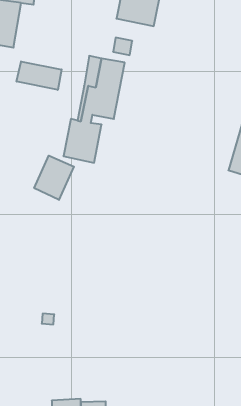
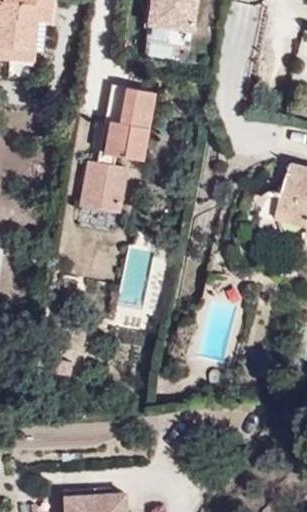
building: [17,61,62,90] -> none
building: [34,156,74,200] -> none

